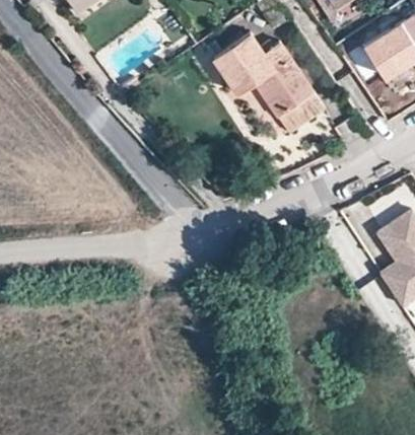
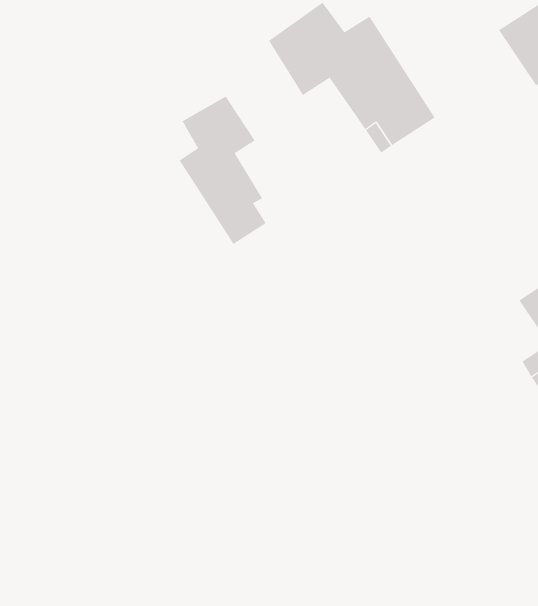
building: none -> [179,96,266,245]

